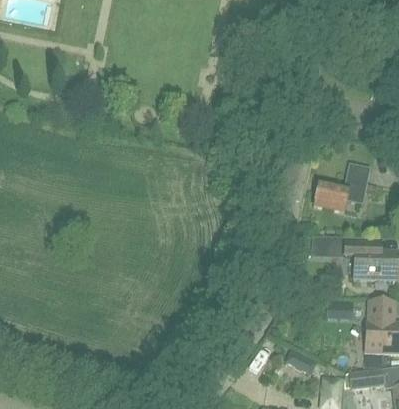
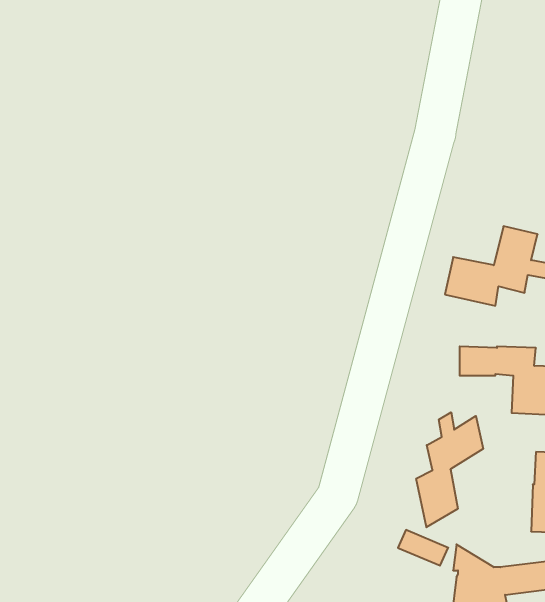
building: none -> [416,412,483,527]

